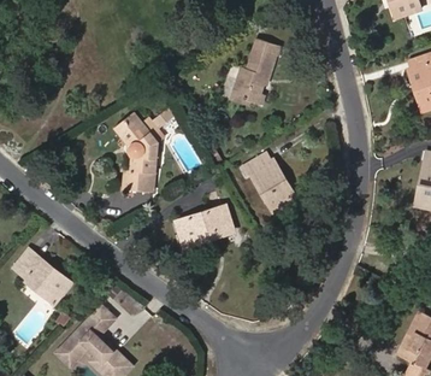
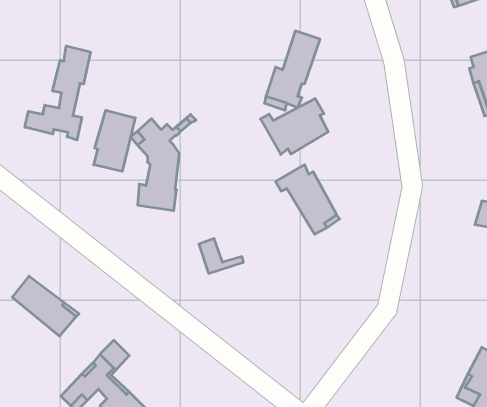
building: none -> [25,46,90,140]
building: none -> [260,98,328,155]
building: none -> [94,110,135,171]
building: [188,206,230,237] -> none

